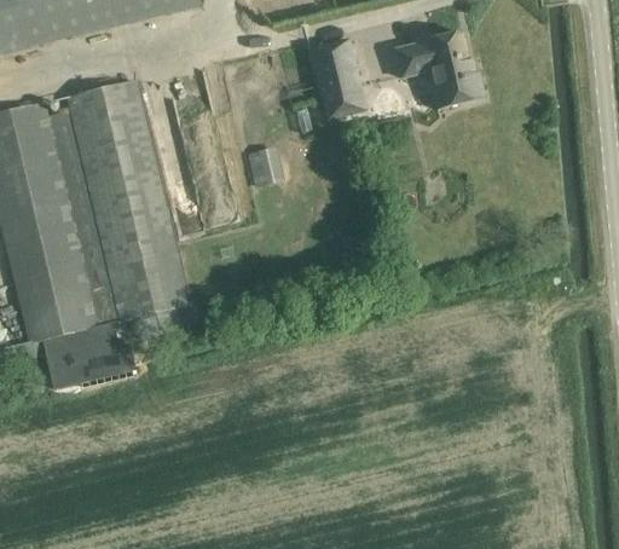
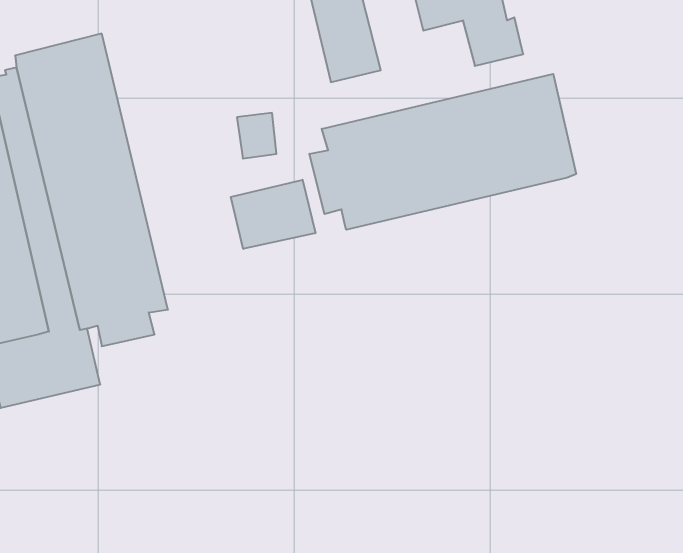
building: none -> [309,74,576,230]
building: none -> [231,180,315,249]

